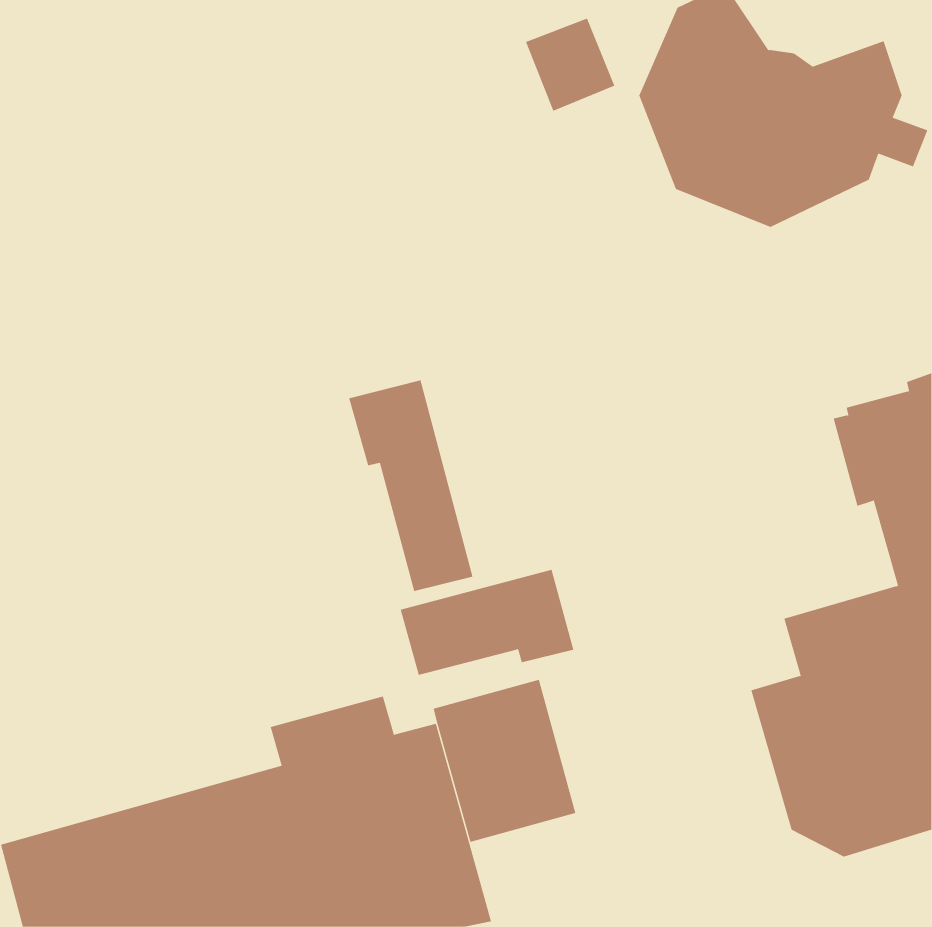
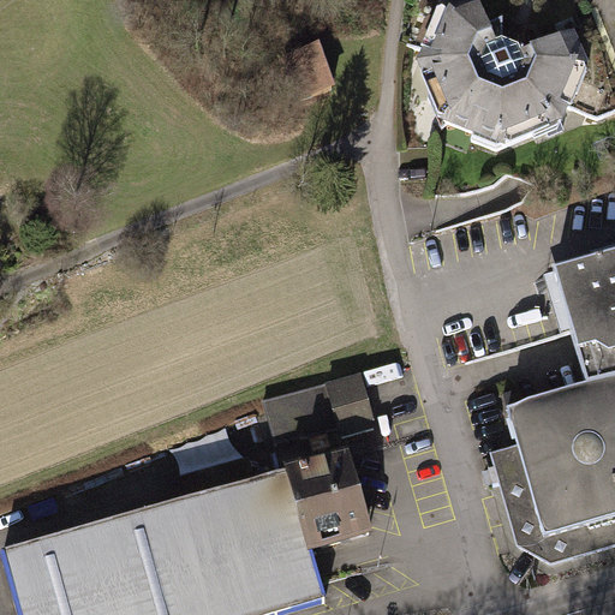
building: [525,18,615,112] -> [280,41,339,102]
building: [349,380,473,592] -> none

